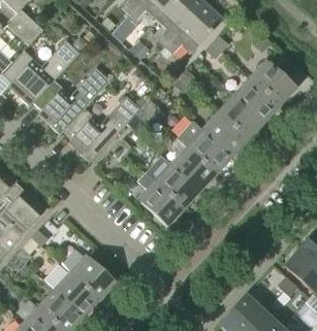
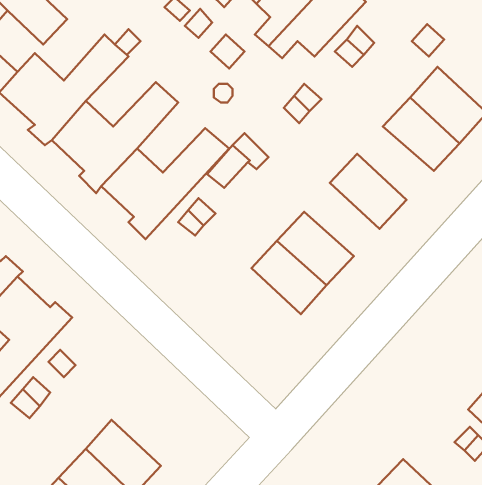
building: [218,95,264,139] -> none
building: [177,120,231,173] -> none
building: [137,172,184,227] -> none
building: [69,254,116,300] -> none

